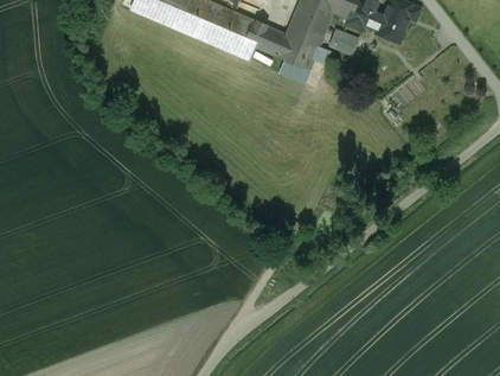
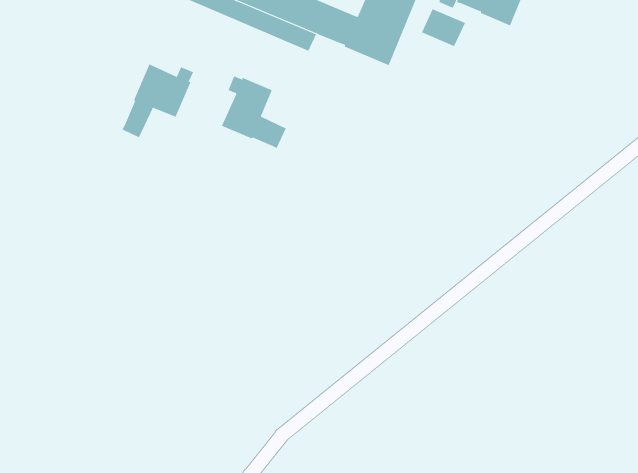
building: none -> [122,64,194,138]
building: none -> [221,75,286,149]

